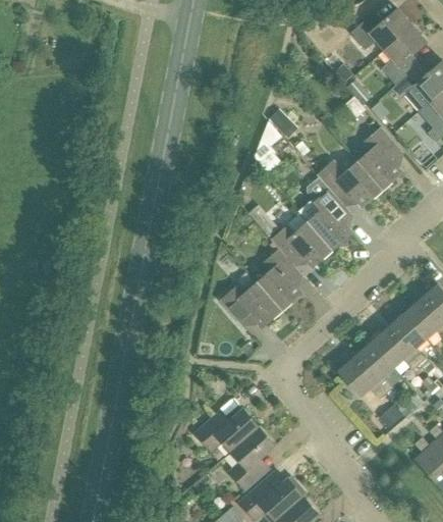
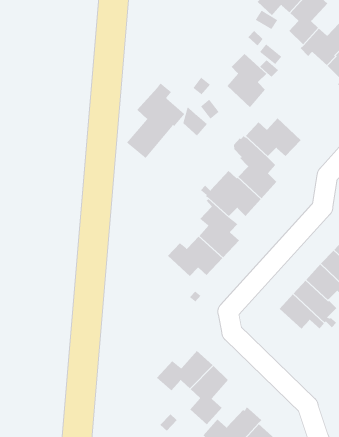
building: none -> [126,83,185,159]
building: [358,128,404,190] -> [227,53,267,108]

